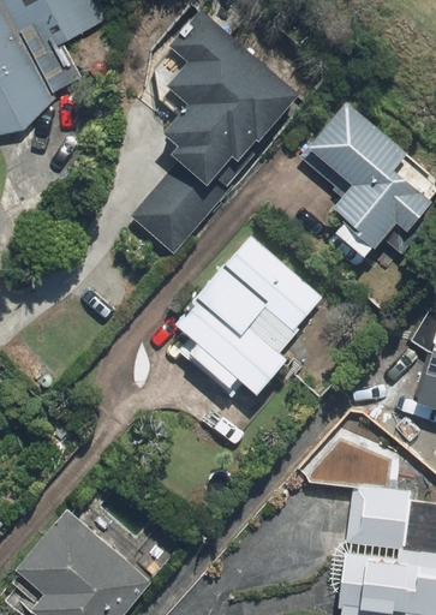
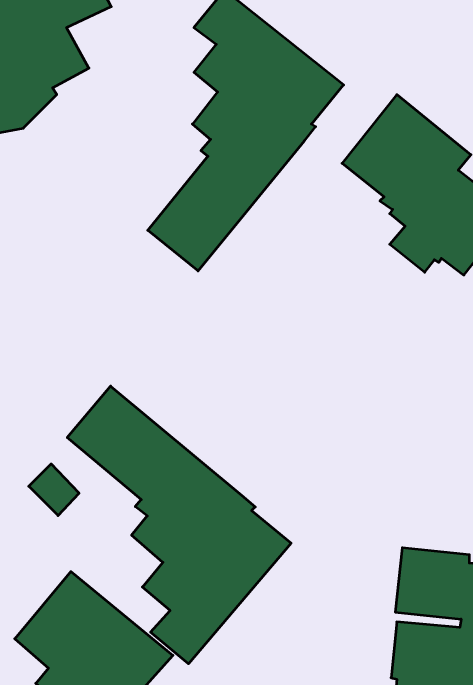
building: [177,235,321,392] -> none
building: none -> [67,386,291,664]
building: [303,446,392,494] -> none

